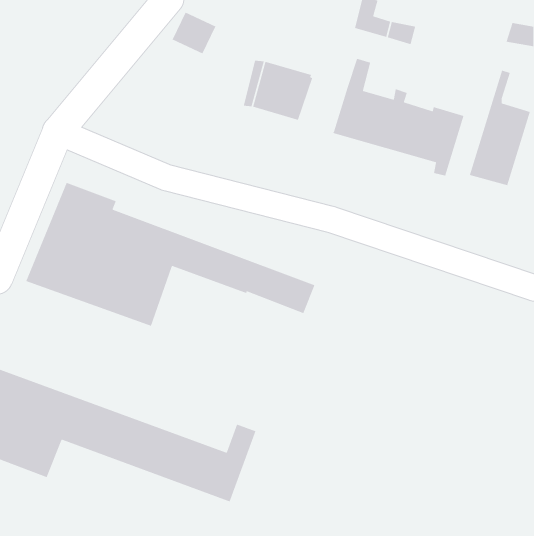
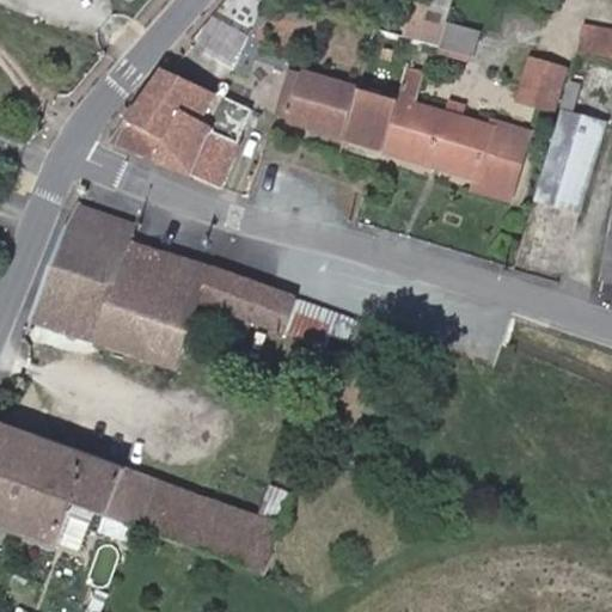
building: none -> [515,59,562,109]
building: none -> [111,69,251,185]
building: none -> [339,88,394,149]

